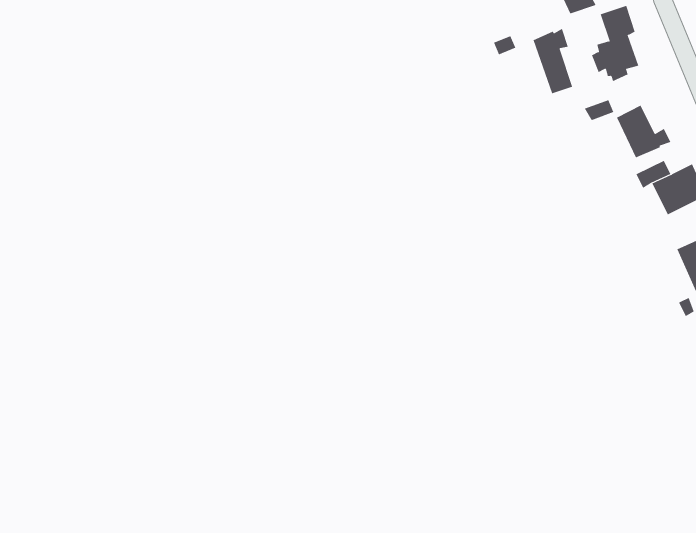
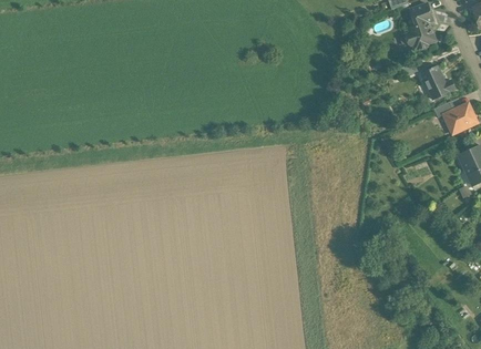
building: [533,28,573,94] -> none

